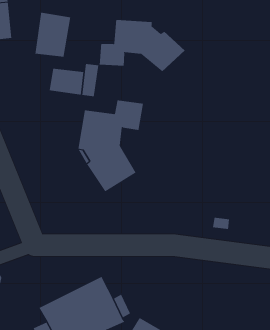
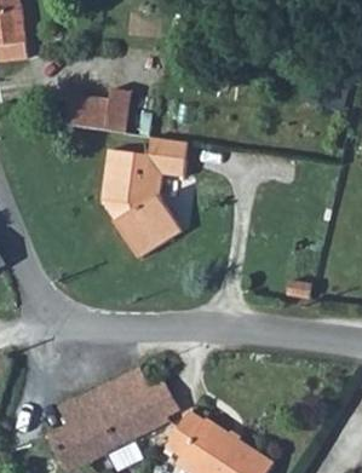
building: [35,12,71,57] -> none
building: [99,19,186,72] -> none

